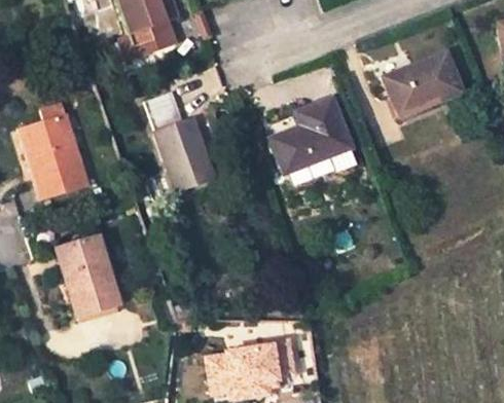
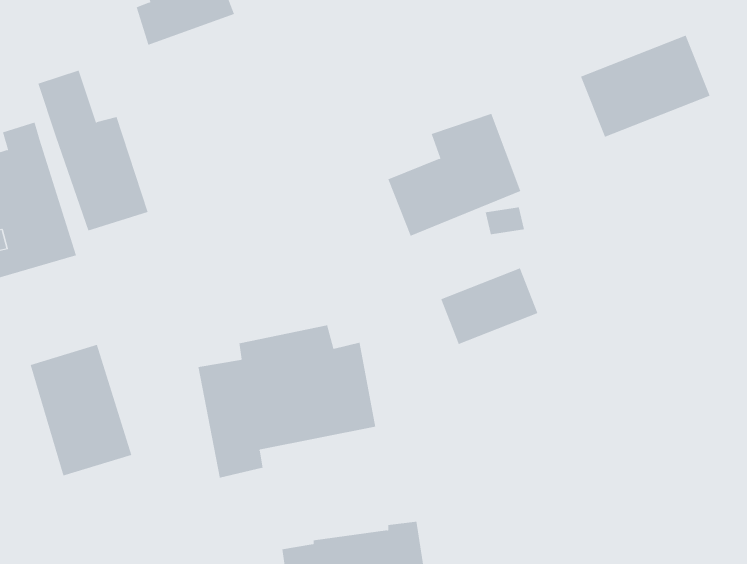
building: [145,93,211,188] -> [37,70,149,231]
building: none -> [441,268,538,345]
building: none -> [198,324,376,479]

